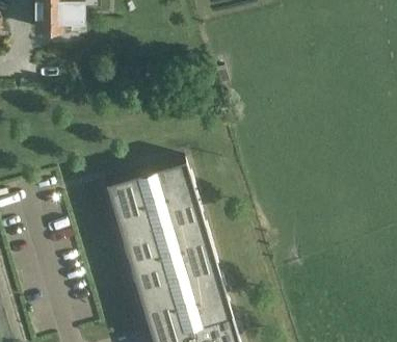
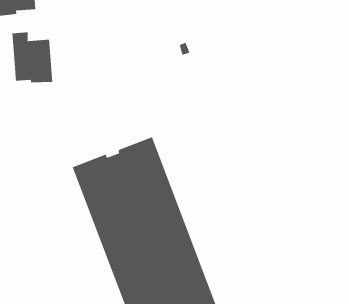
building: none -> [12,32,53,83]

